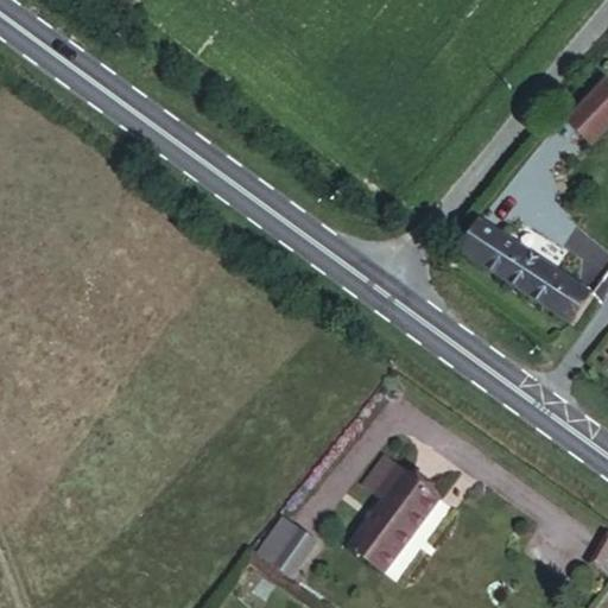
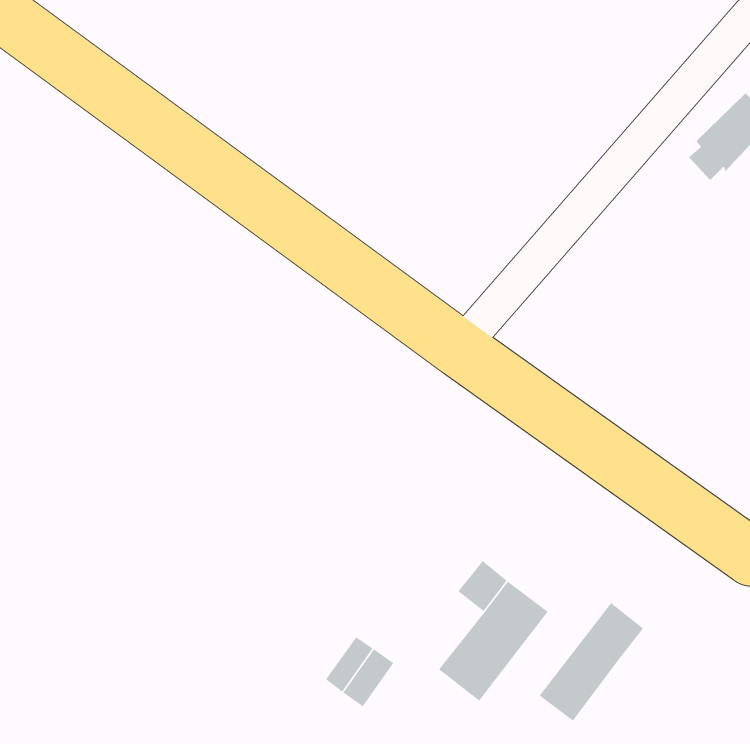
building: [444,211,583,319] -> none
building: none -> [539,602,644,721]

